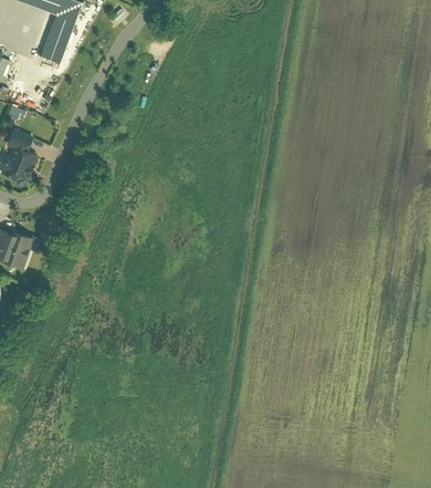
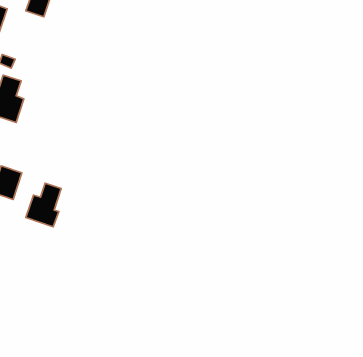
building: none -> [26,183,61,227]

